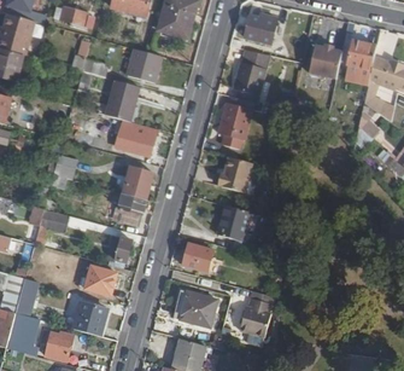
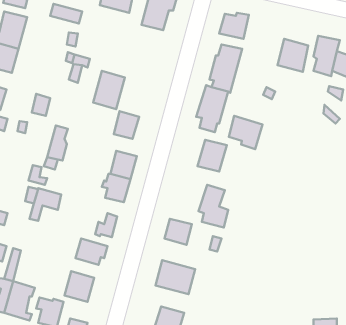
building: [128,48,162,82] -> none
building: none -> [229,116,263,149]
building: [236,297,268,336] -> none

